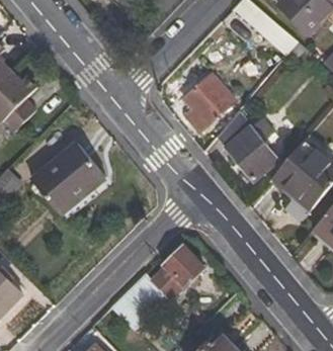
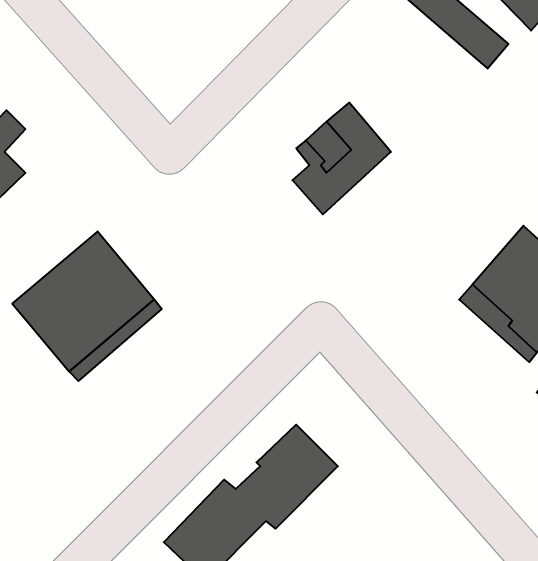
building: [215,109,279,181] -> none

